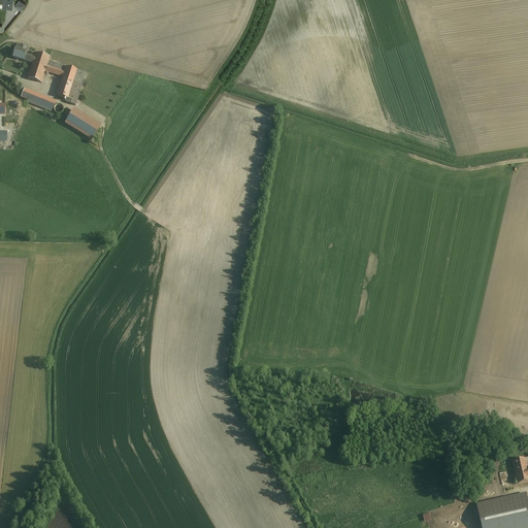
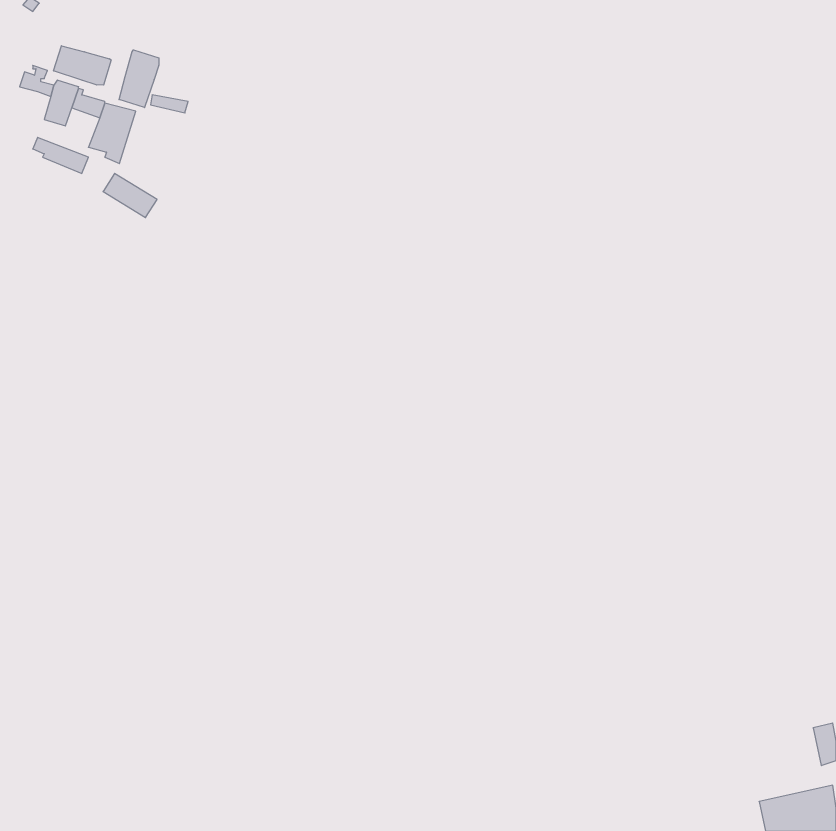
building: none -> [54,46,111,85]
building: none -> [119,50,159,108]

